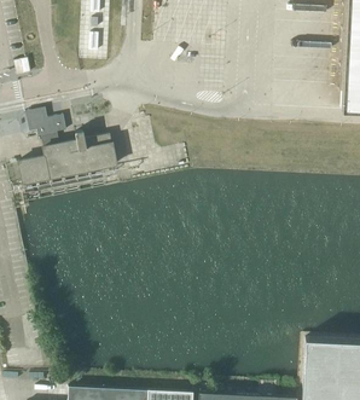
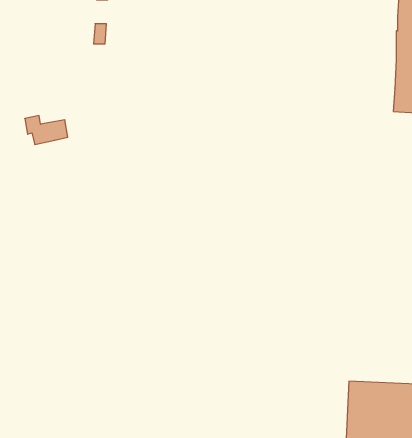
building: [19,132,116,184] -> none

